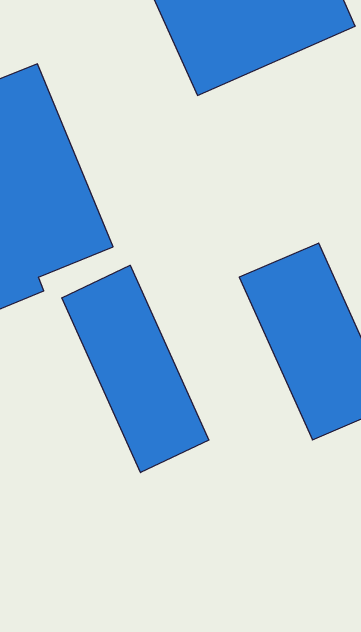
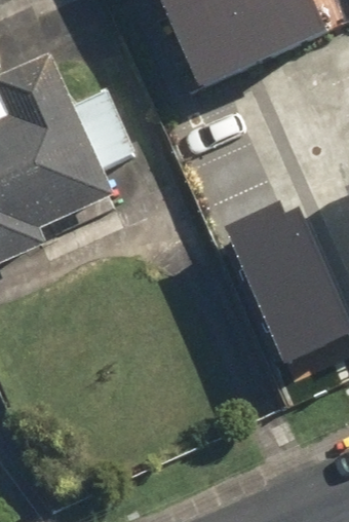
building: [62,265,209,473] -> none

